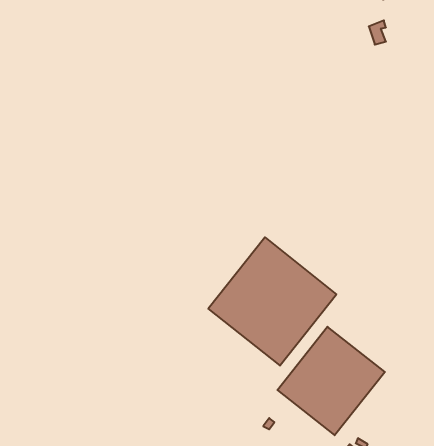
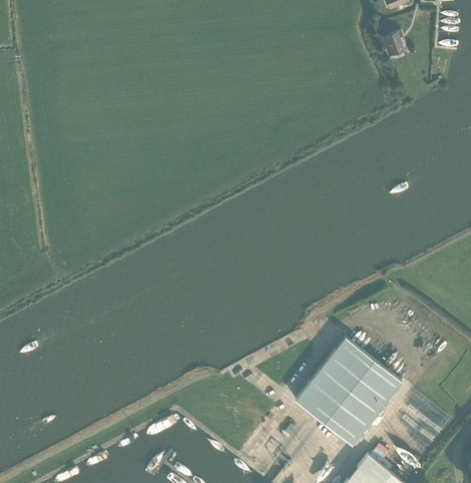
building: [208,237,336,366] -> none

